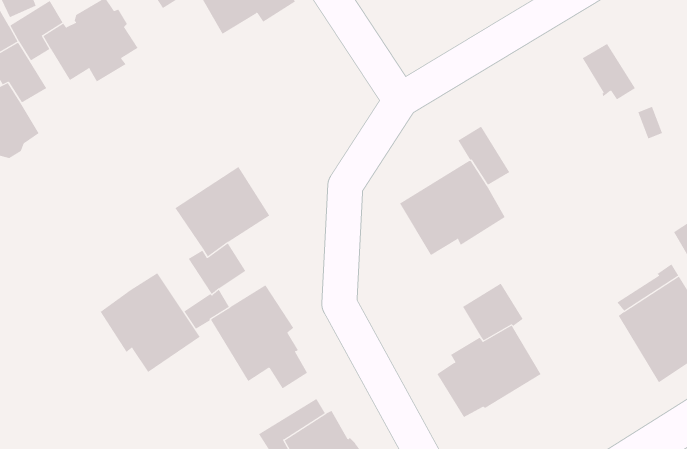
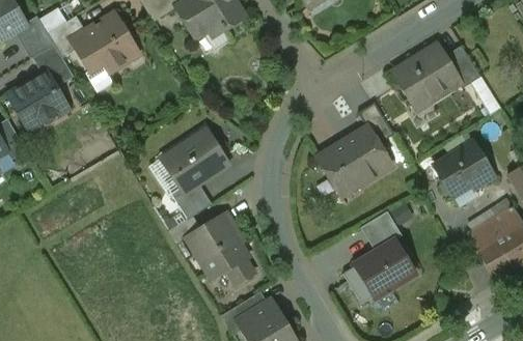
building: none -> [394,46,459,98]
building: none -> [434,141,494,195]
building: [100,273,201,373] -> none

